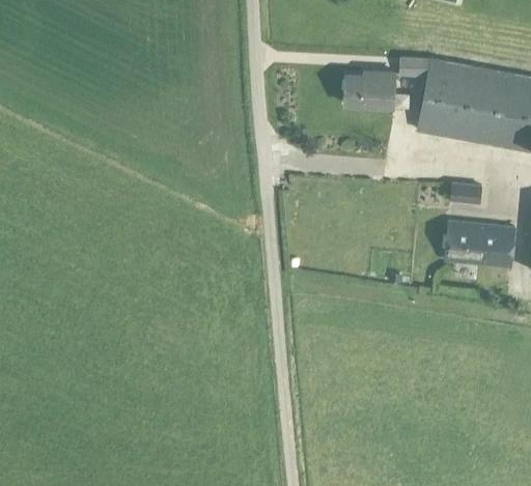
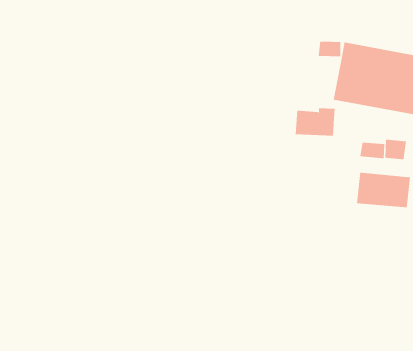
building: [344,72,395,107] -> [295,108,336,136]
building: none -> [385,139,406,160]

